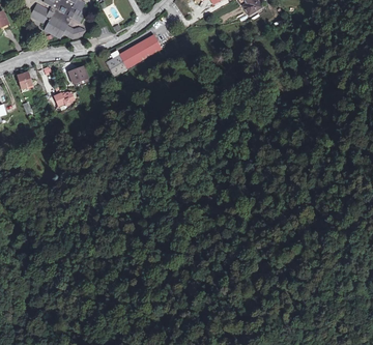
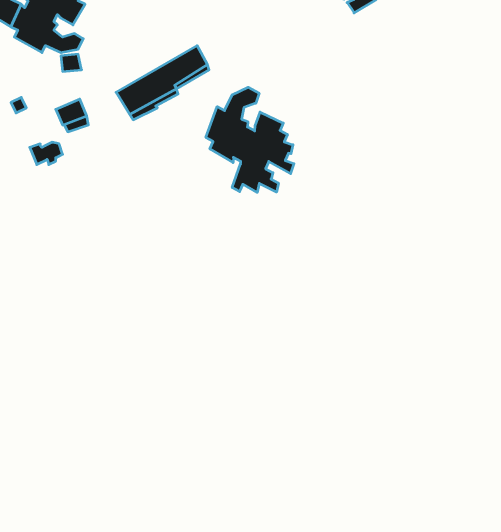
building: none -> [206,87,294,192]

